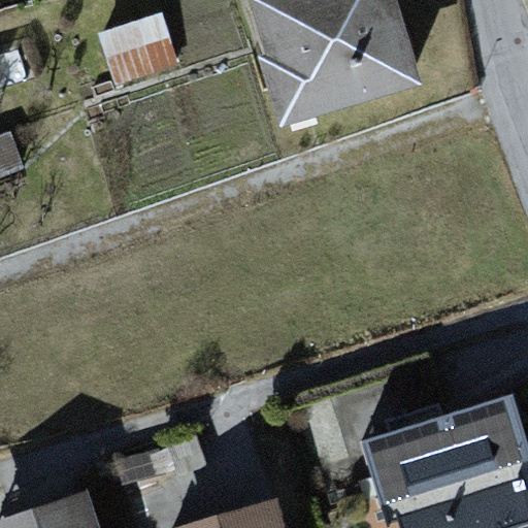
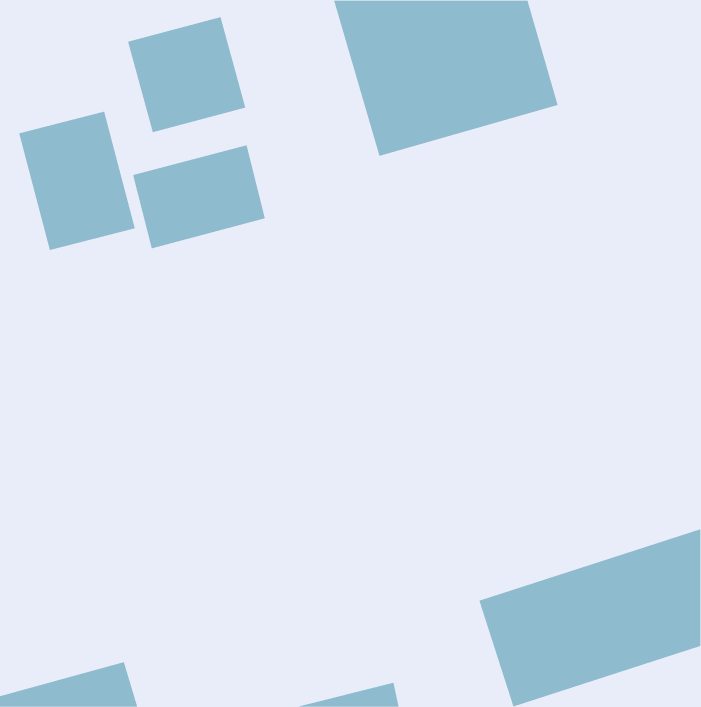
building: none -> [18,111,136,251]
building: none -> [133,144,266,249]

